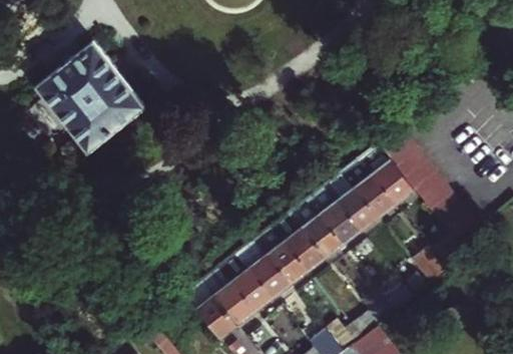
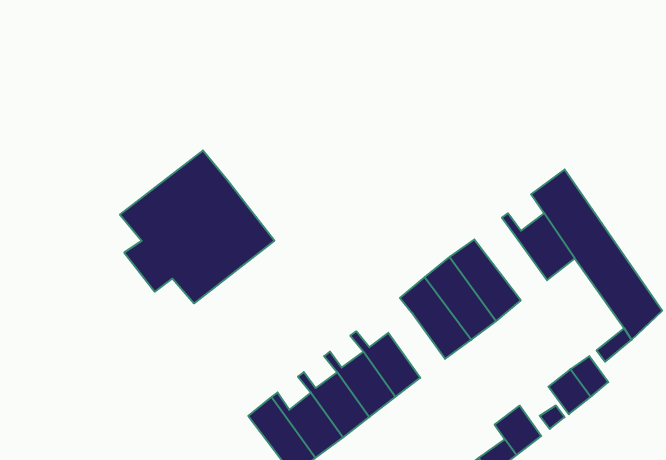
building: [37,47,143,152] -> [120,150,274,303]
building: [350,168,400,215] -> none
building: [282,222,330,268] -> none

